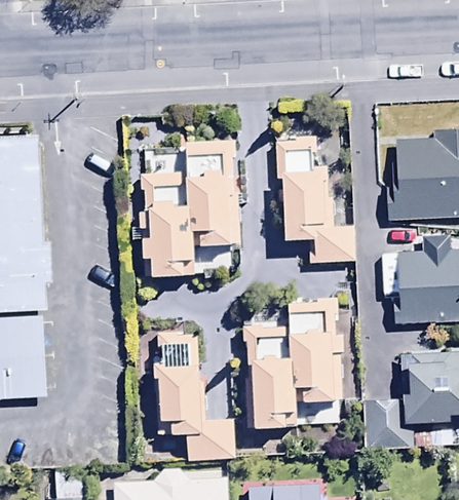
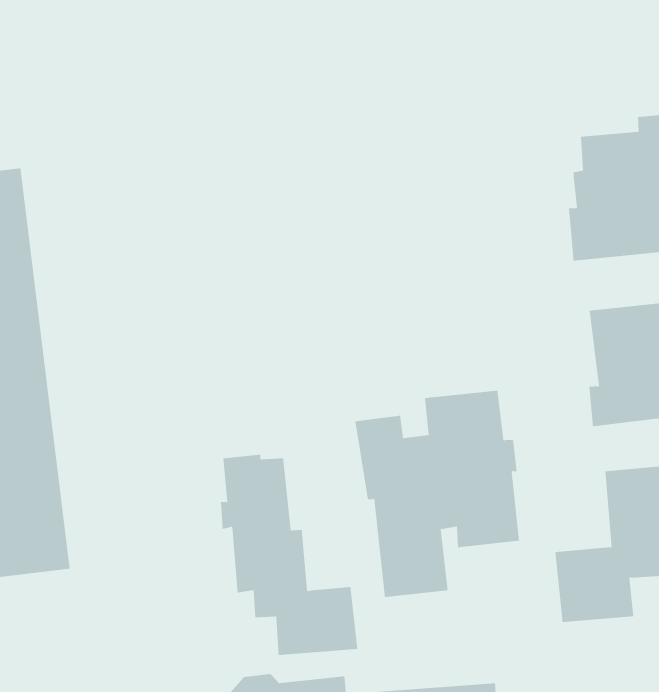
building: [274,138,355,264] -> none
building: [132,140,238,274] -> none

